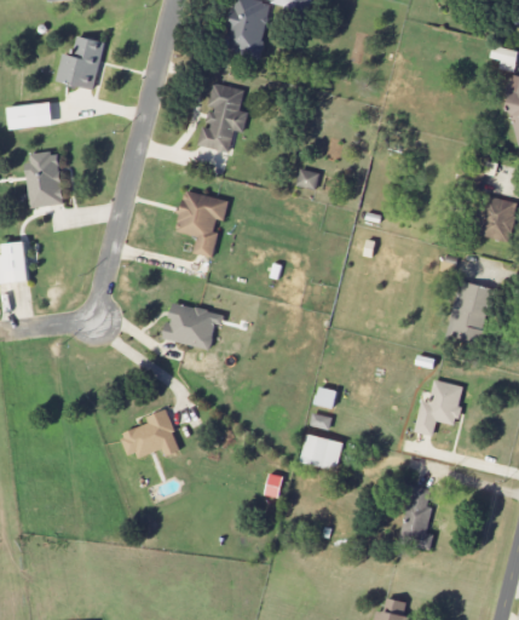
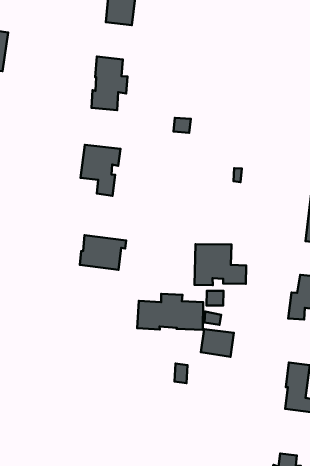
building: none -> [194,244,246,285]
building: none -> [137,294,203,330]
building: [120,409,181,458] -> none

